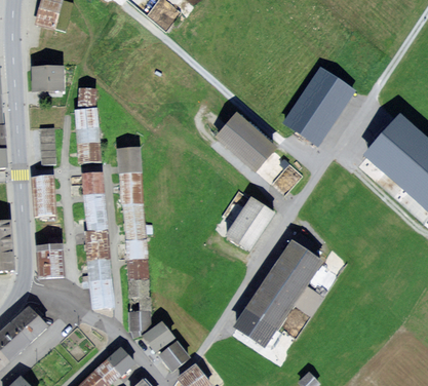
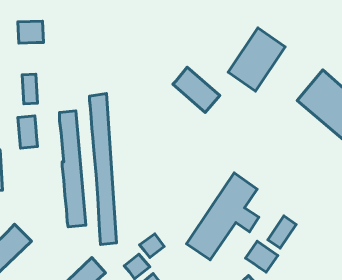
building: [75,89,102,163] -> none
building: [226,198,274,250] -> none
building: [35,229,65,274] -> none
building: none -> [268,216,296,248]
building: [144,322,173,351] -> [140,234,164,258]
building: none -> [245,241,278,272]

